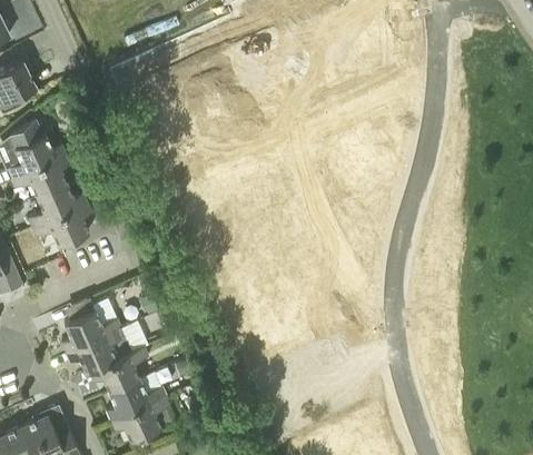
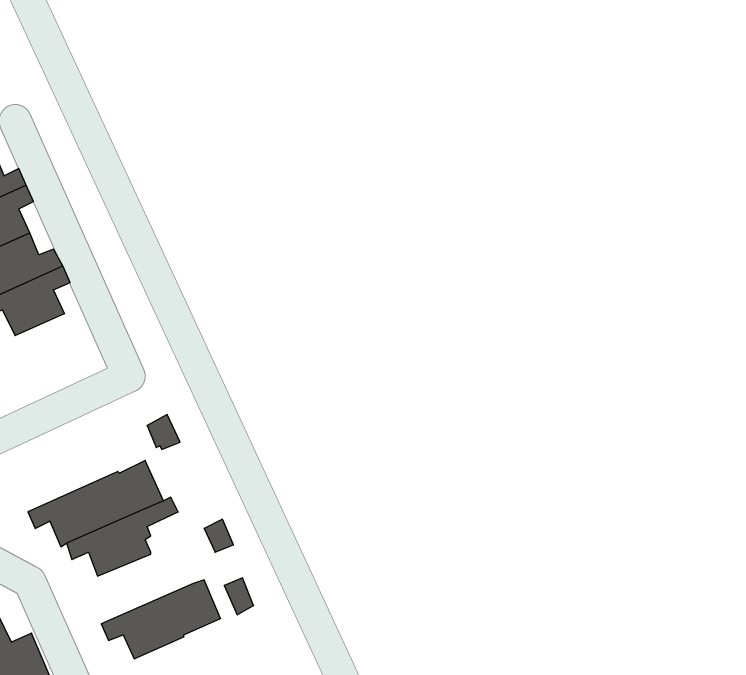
building: [62,309,121,352] -> none
building: [107,373,167,419] -> none

